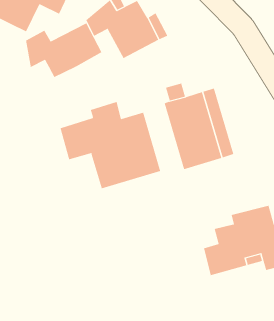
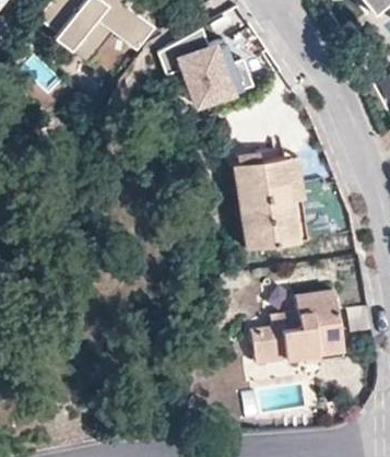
building: [26,22,102,78] -> none
building: [60,101,161,189] -> none

